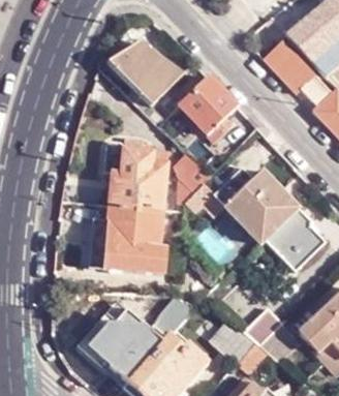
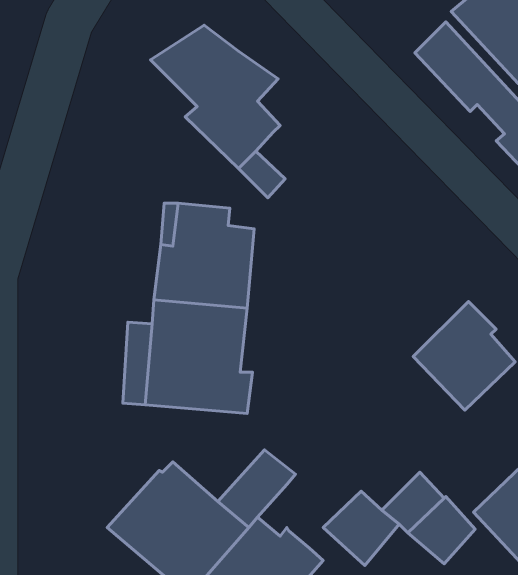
building: [180,75,239,141] -> none
building: [175,155,211,211] -> none
building: [214,166,297,243] -> none

